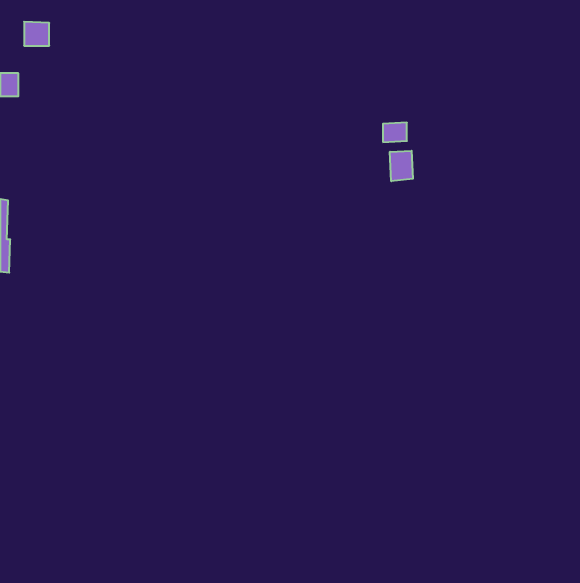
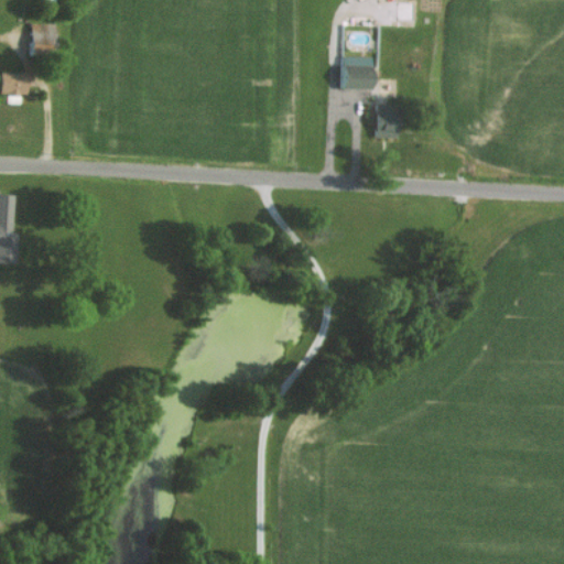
building: none -> [338,55,371,89]
building: [390,151,413,181] -> none

